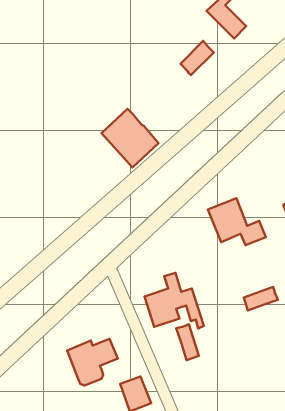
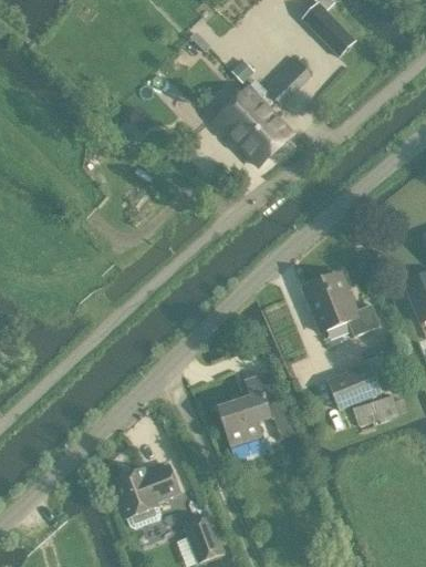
building: [101,109,158,167] -> [216,85,293,165]
building: none -> [329,363,382,409]
building: [176,324,199,360] -> none

